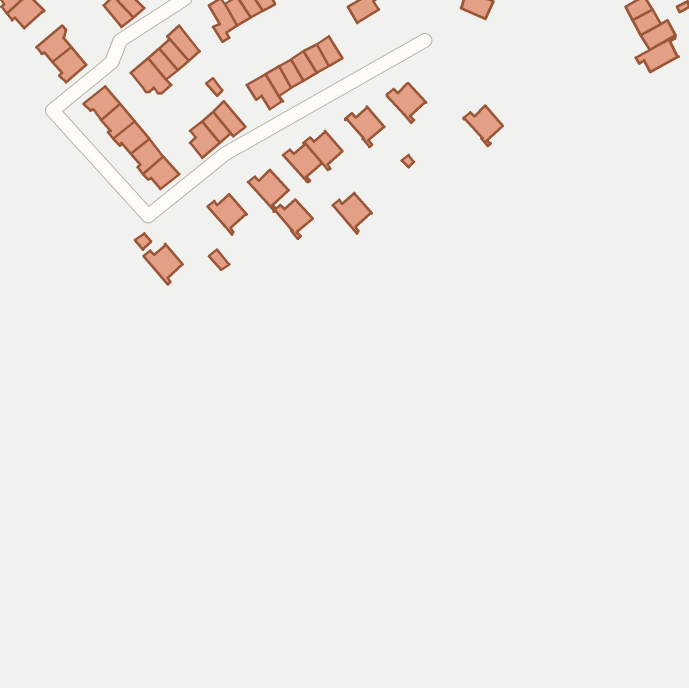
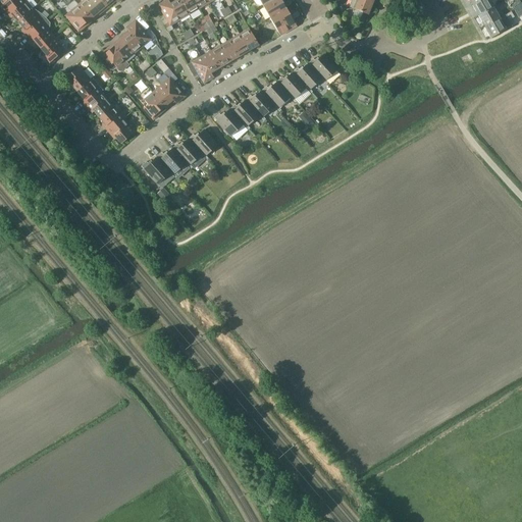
building: none -> [66,4,92,32]
building: none -> [270,7,297,35]
building: none -> [18,8,47,36]
building: [636,36,679,72] -> none
building: none -> [276,72,306,102]
building: [464,106,503,146] -> [308,53,337,84]
building: [333,193,372,234] -> [246,90,275,120]
building: [274,200,313,239] -> [172,139,202,168]
building: [144,244,183,284] -> [141,156,170,187]

